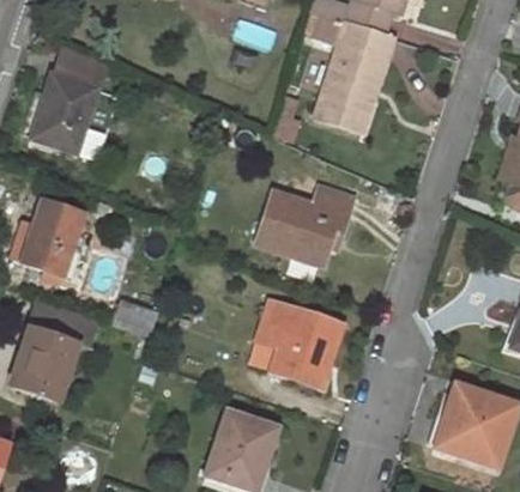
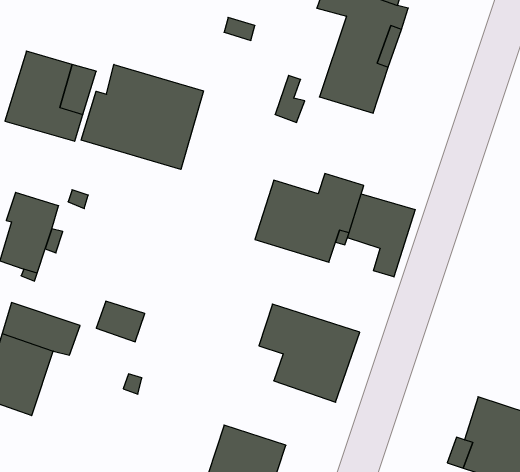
building: [50,47,99,87] -> none
building: none -> [81,64,204,169]
building: none -> [348,194,415,277]

